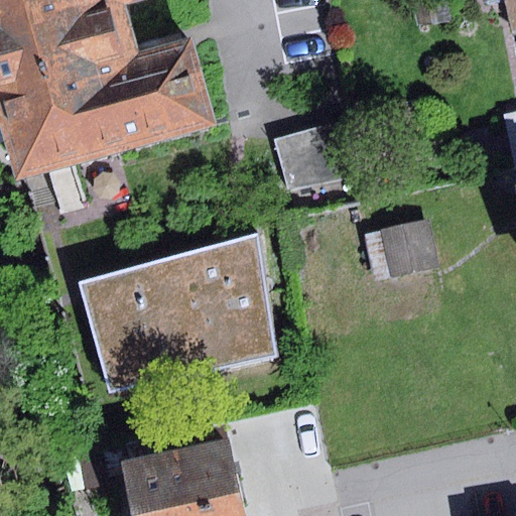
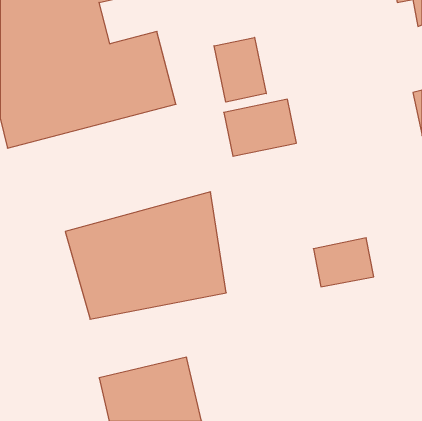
building: none -> [214,37,266,102]
building: [364,220,437,279] -> [313,238,374,287]

